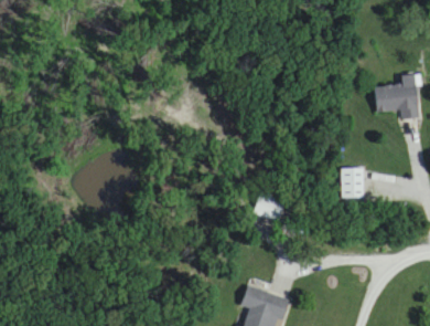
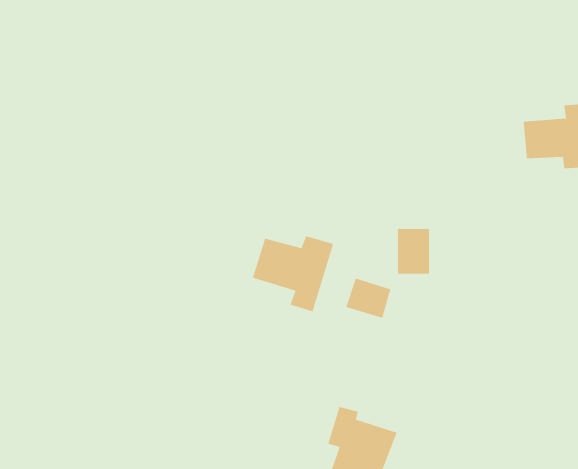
building: none -> [252,235,334,312]
building: [342,168,364,199] -> [397,229,430,274]

